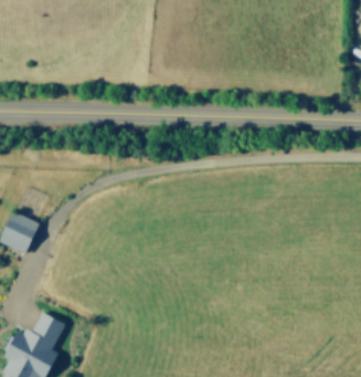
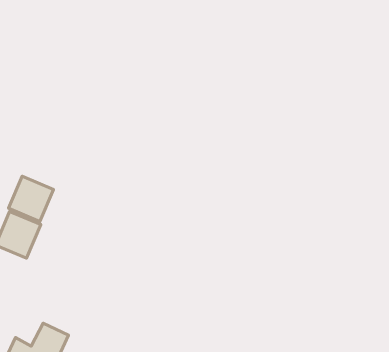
building: none -> [9,176,53,222]

